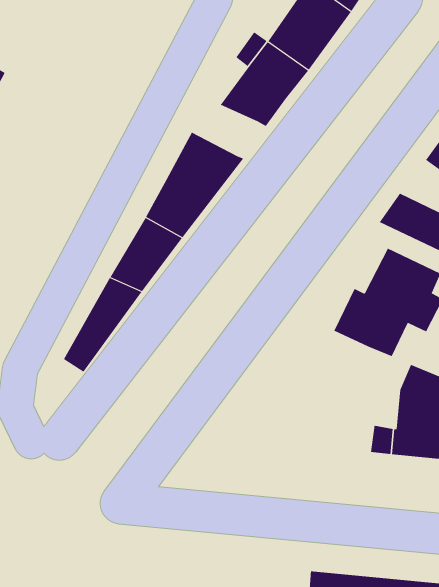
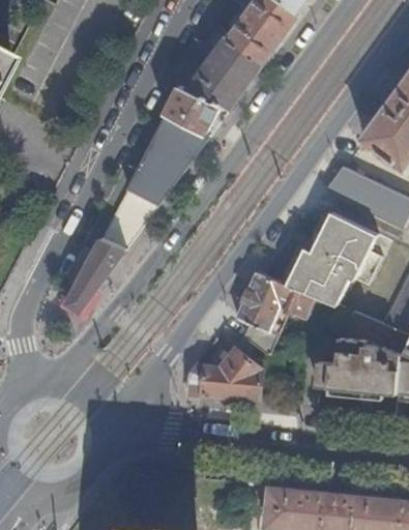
building: none -> [166,86,222,135]
building: none -> [237,271,315,356]
building: none -> [183,348,263,401]

